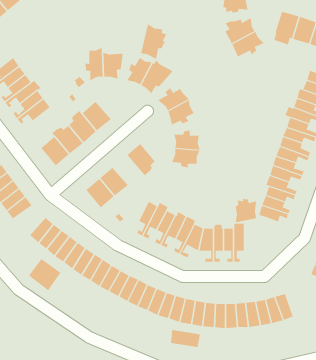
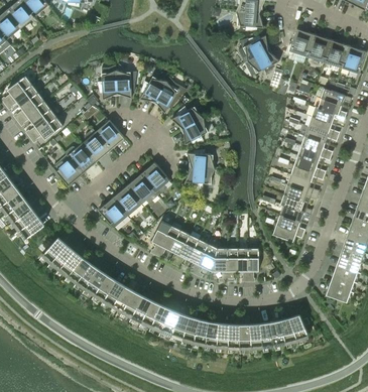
building: [141,23,167,60] -> none
building: none -> [126,174,158,205]
building: [235,198,257,223] -> none
building: [28,258,61,291] -> none
building: [170,329,201,348] -> none

